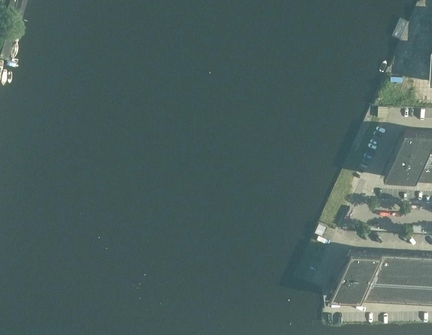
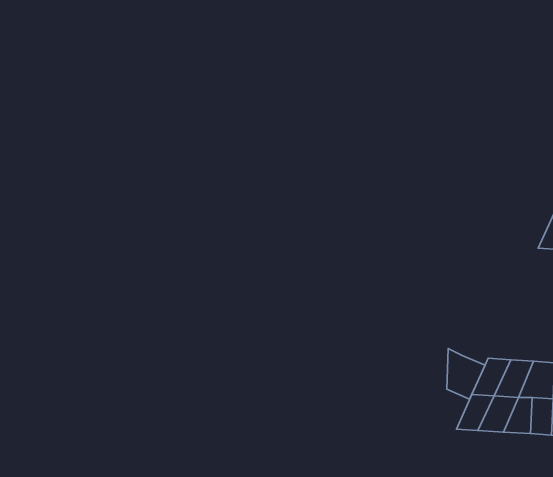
building: none -> [447,348,485,399]

